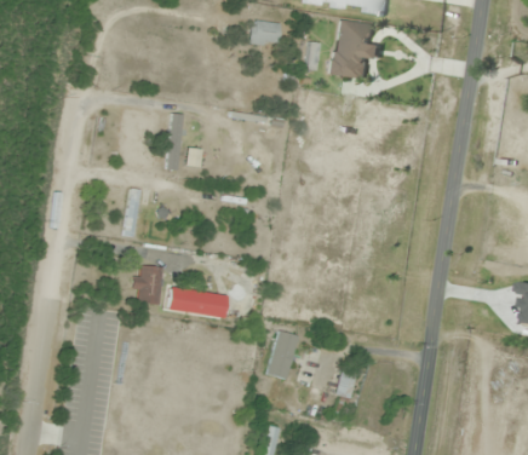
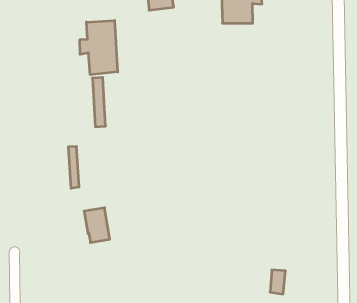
building: none -> [80,20,118,75]
building: [170,287,223,317] -> none
building: [268,330,299,379] -> none

